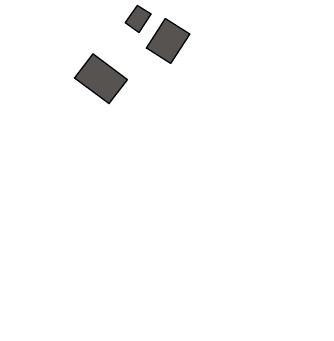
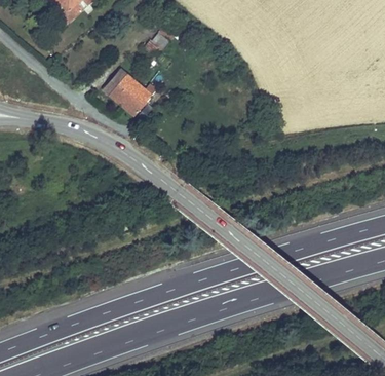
building: [146,19,190,63] -> none

